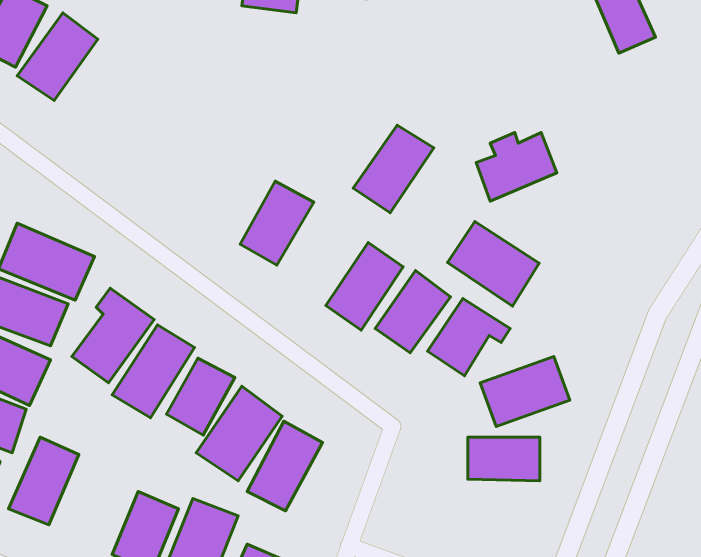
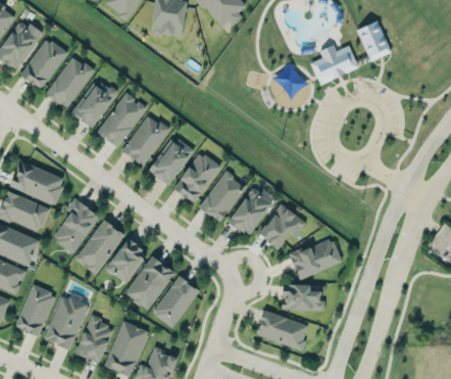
building: none -> [46,55,94,108]
building: none -> [71,79,117,128]
building: none -> [97,93,147,147]
building: [353,125,434,213] -> [173,152,220,203]
building: [476,133,557,201] -> [311,45,358,85]
building: none -> [122,114,169,167]
building: [447,221,539,306] -> none
building: none -> [45,294,88,349]
building: none -> [256,312,309,349]

